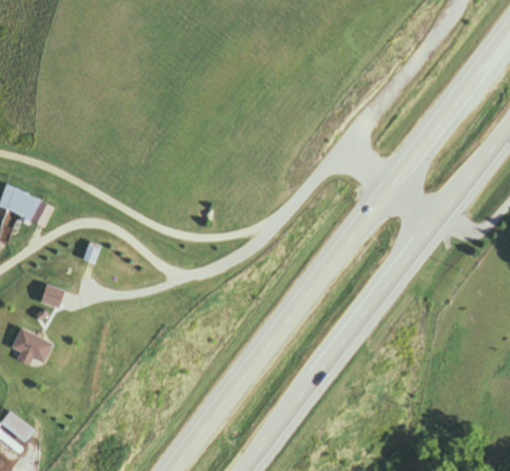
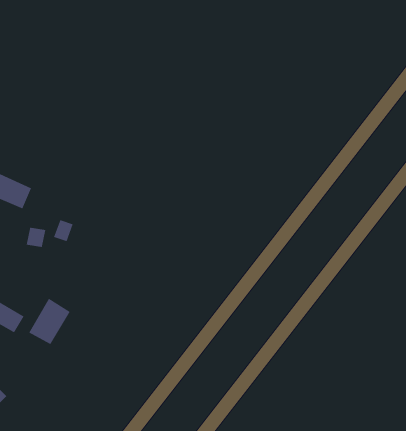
building: [40,285,62,307] -> [26,227,46,248]
building: none -> [28,298,70,345]

